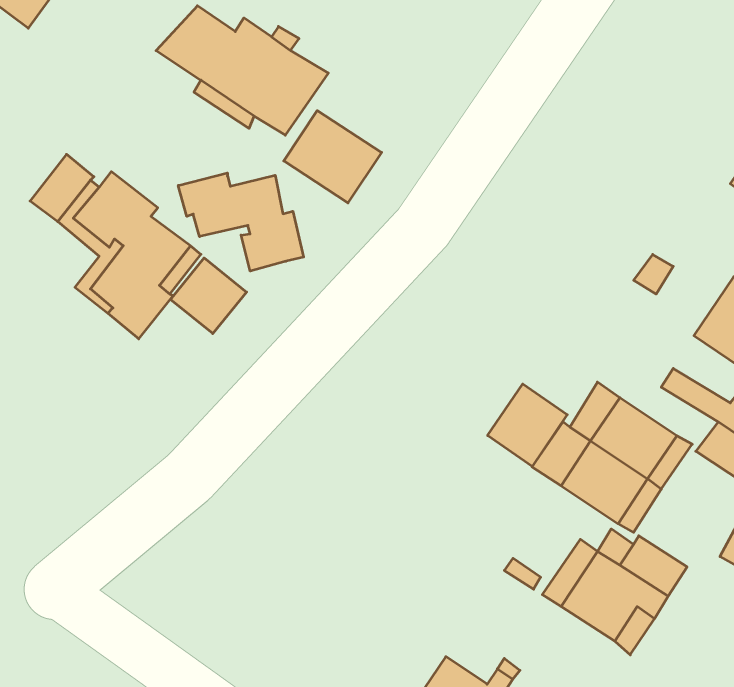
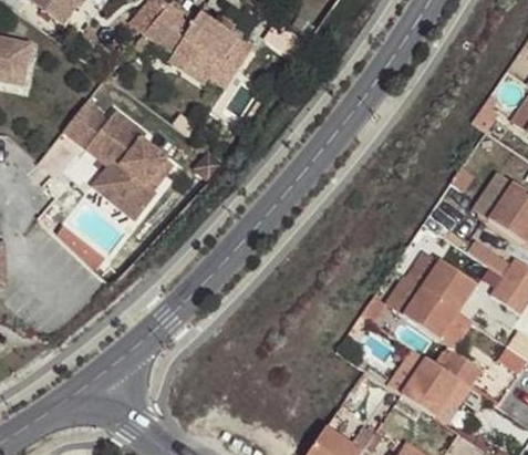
building: [284,111,382,203] -> none
building: [178,173,304,271] -> none
building: [170,258,247,334] -> none
building: [488,384,567,466] -> none

